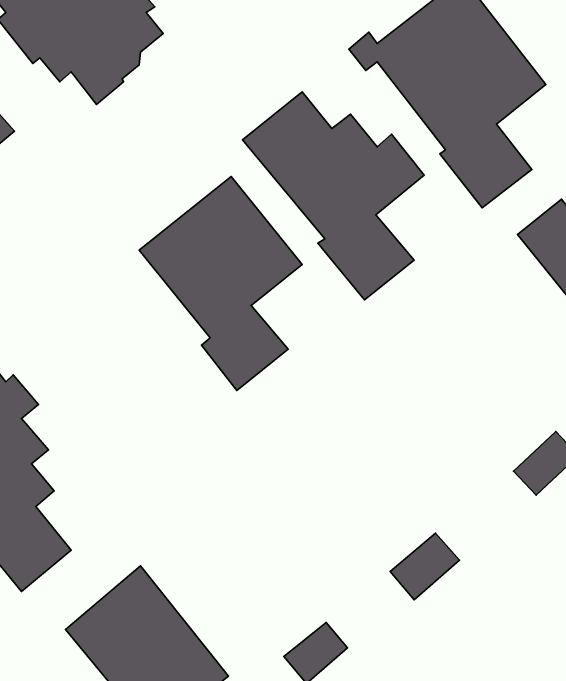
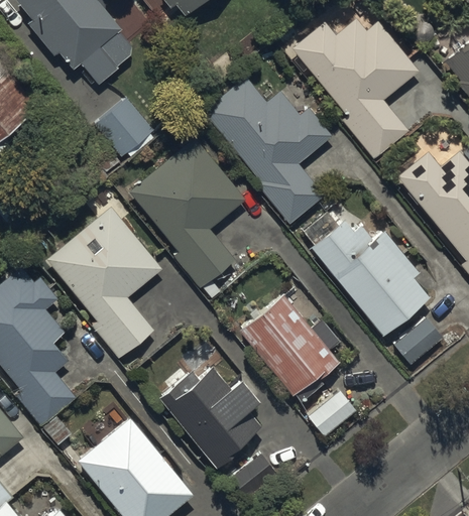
building: none -> [94,98,154,159]
building: none -> [46,208,162,359]
building: none -> [305,210,429,335]
building: none -> [239,292,339,402]
building: none -> [159,365,259,468]

